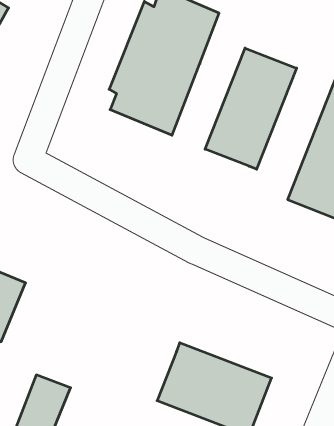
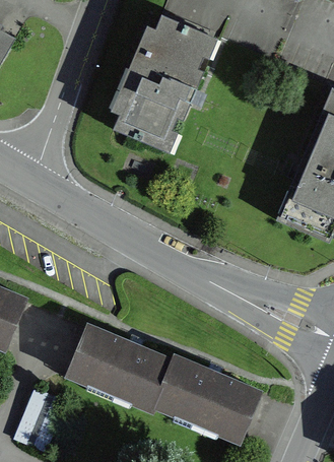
building: [205,48,297,169] -> none
building: none -> [61,327,172,414]

